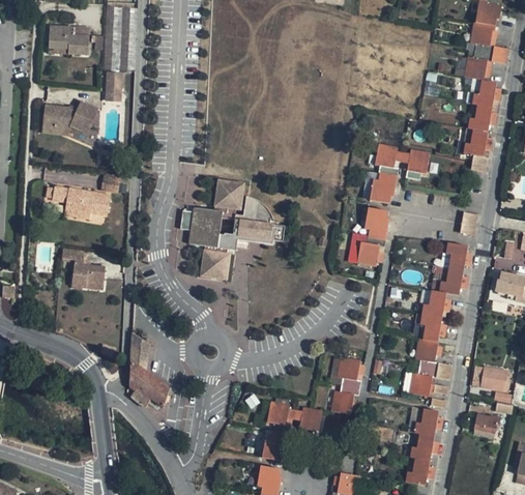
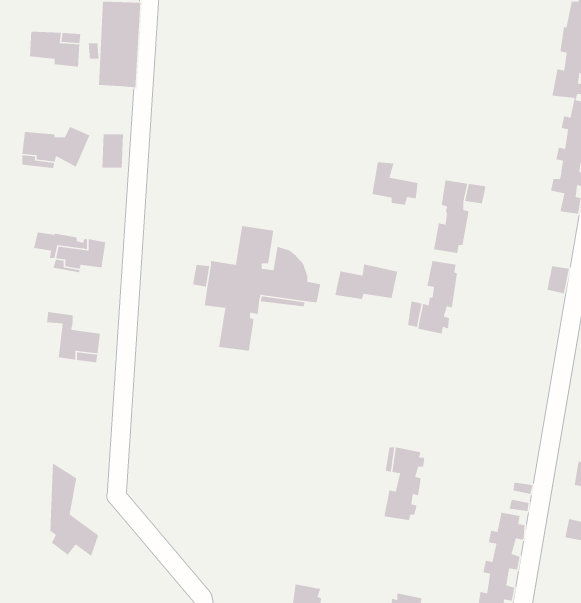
building: [105,72,122,100] -> [102,133,124,169]
building: none -> [372,161,419,206]
building: [407,149,430,180] -> none
building: none -> [335,263,398,300]
building: [408,242,472,397] -> none
building: [129,332,169,408] -> [50,462,99,557]
building: [262,401,322,461] -> none

